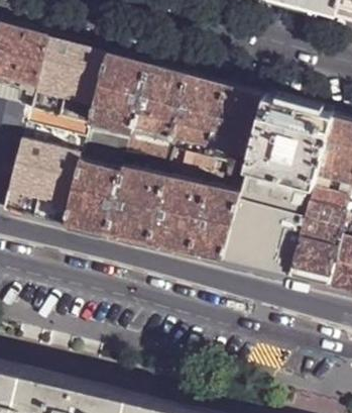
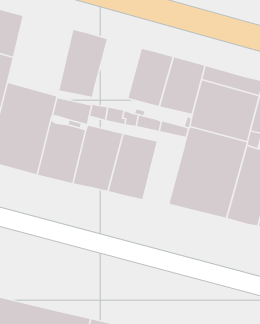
building: [30,38,108,133] -> none
building: [133,66,189,136] -> none
building: [191,187,239,264] -> none

